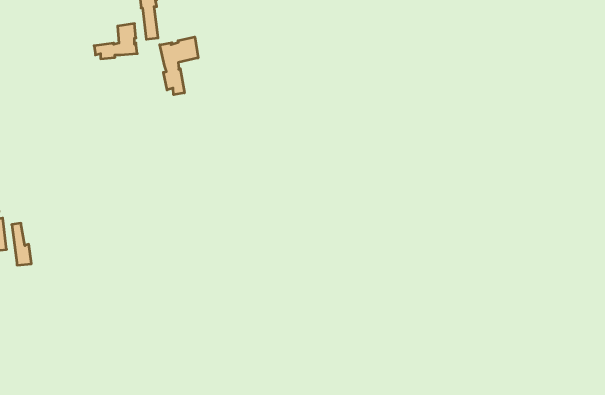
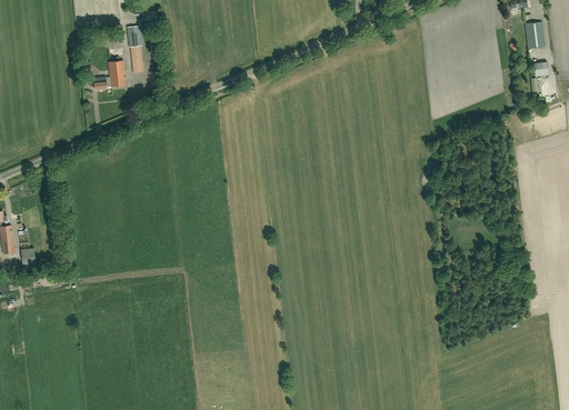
building: [160,37,198,95] -> none

